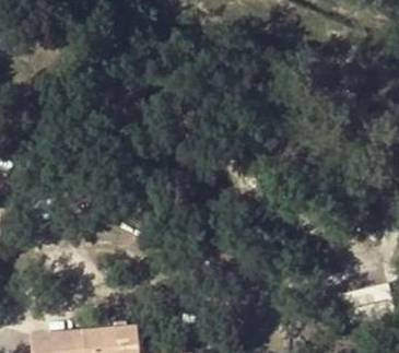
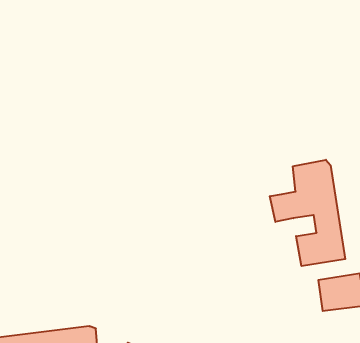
building: none -> [270,160,345,266]

